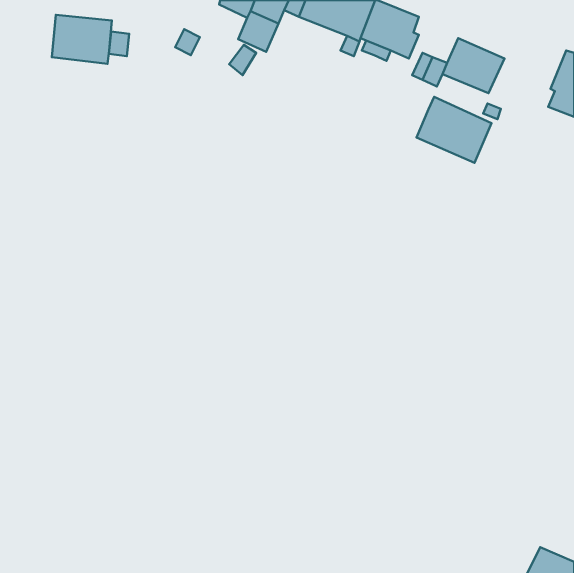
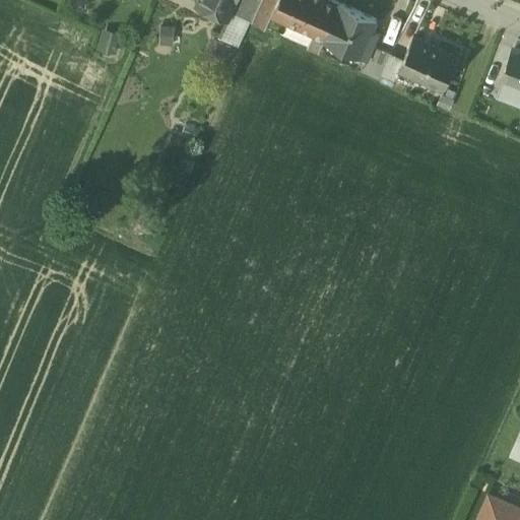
building: [52,15,112,64] -> none
building: [416,97,492,163] -> none

